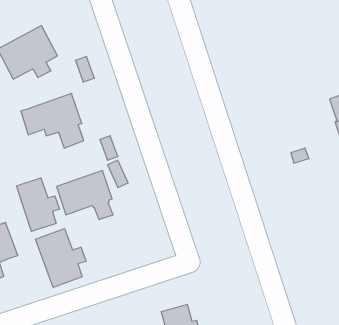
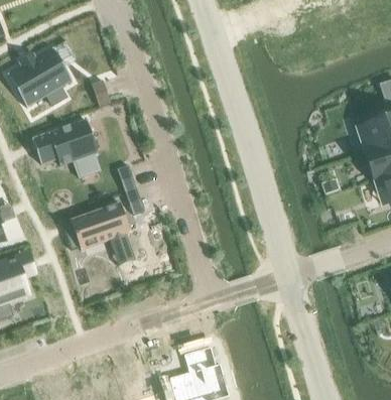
building: [16,178,60,232] -> none
building: [36,229,86,287] -> none

